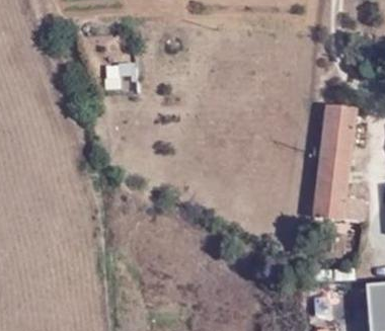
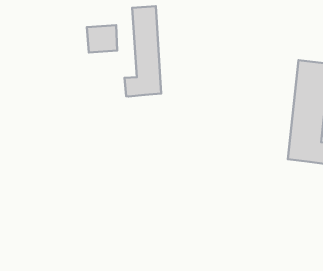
building: none -> [125,6,161,96]

